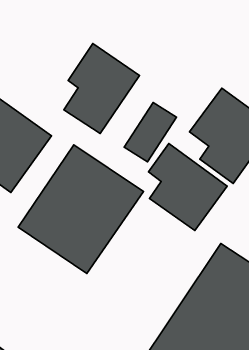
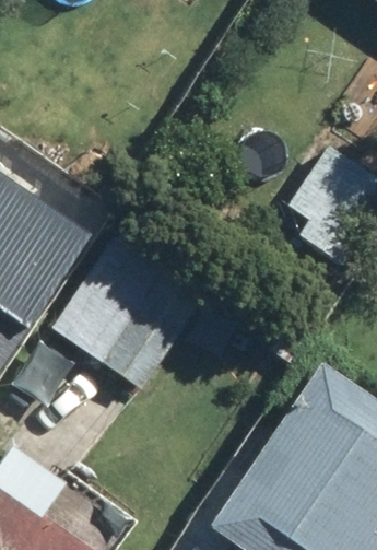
building: [64,43,139,134] -> none
building: [149,143,227,231] -> none

